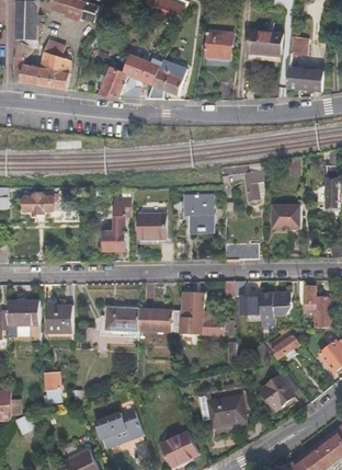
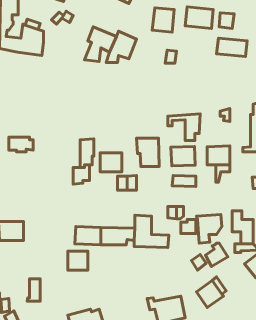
building: [98,67,127,100] -> none
building: none -> [171,146,195,166]
building: [49,302,75,326] -> [68,251,88,270]

